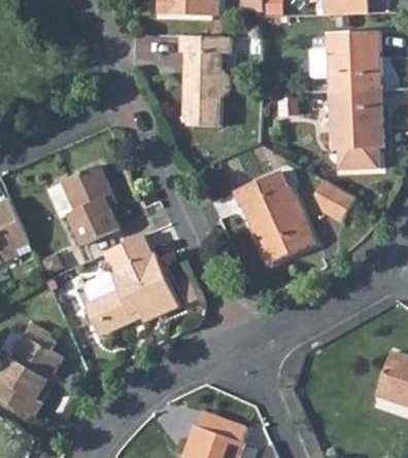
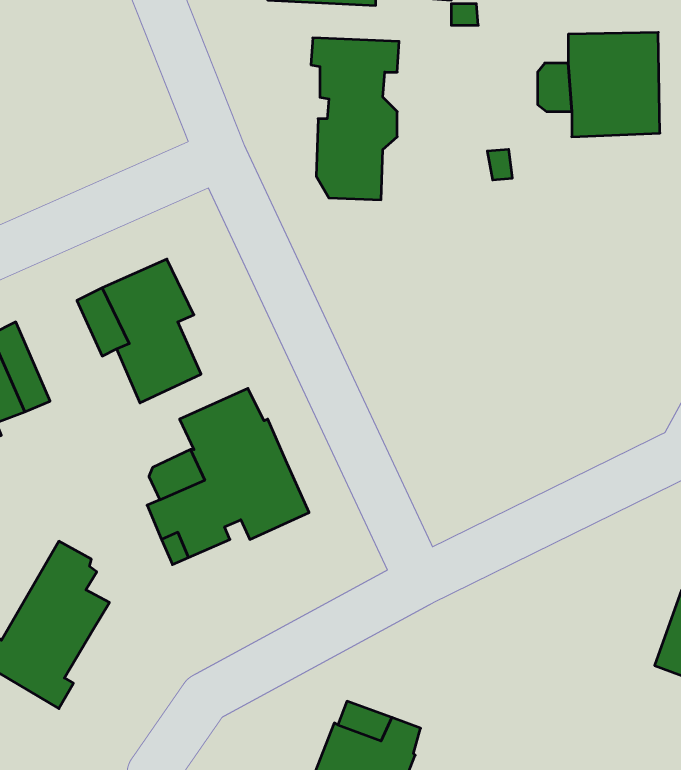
building: [330,90,383,170] -> none
building: [234,172,313,263] -> none
building: [316,181,356,224] -> none

